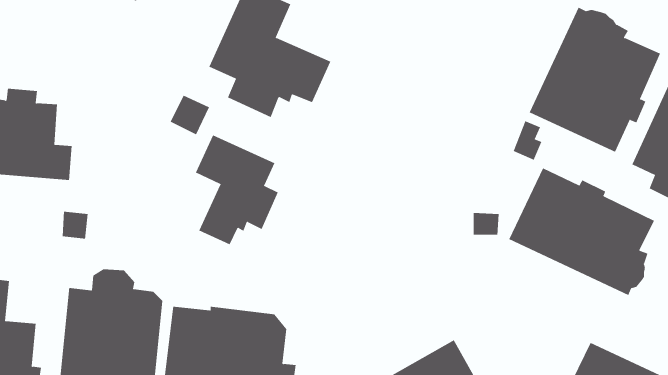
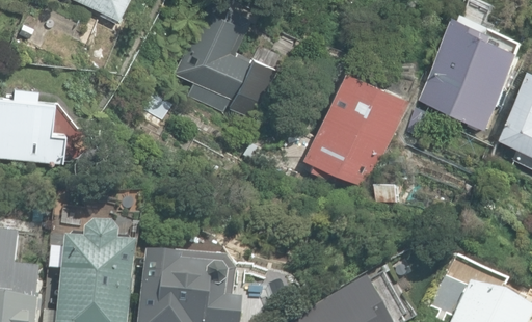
building: none -> [302,69,407,188]
building: [195,135,279,245] -> none
building: [509,167,655,296] -> none

